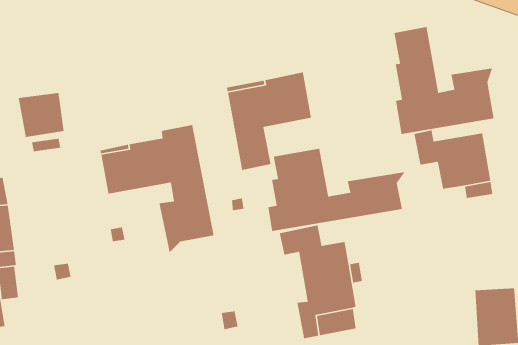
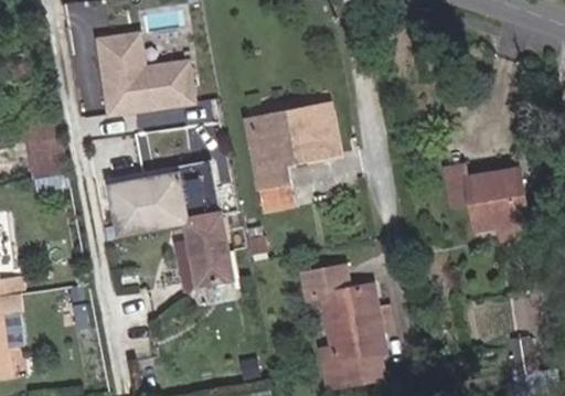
building: none -> [97,32,192,114]
building: [394,26,495,135] -> none
building: [267,148,406,232] -> none

